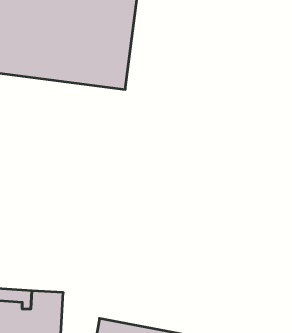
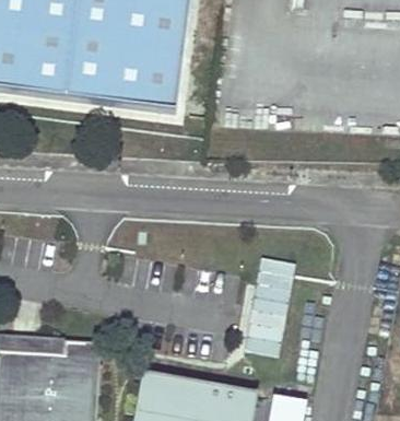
building: none -> [242,273,292,348]

